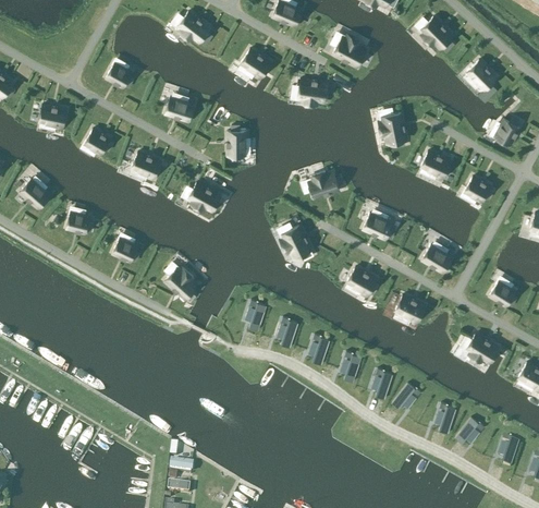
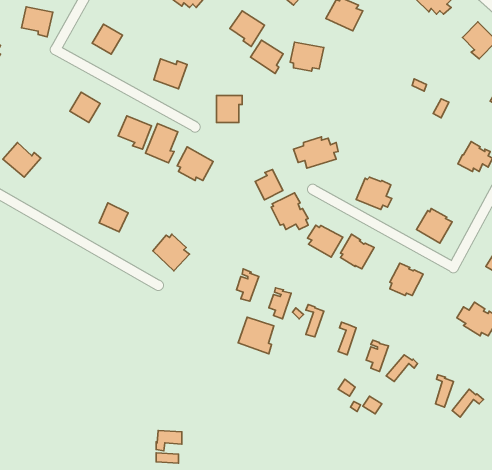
building: none -> [251,40,283,73]
building: [39,100,70,130] -> [22,7,53,37]
building: [379,105,409,143] -> none
building: [420,147,453,178] -> none
building: none -> [145,123,178,163]
building: none -> [255,170,283,200]
building: [66,207,93,232] -> none
building: none -> [308,225,343,257]
building: none -> [238,317,274,354]

